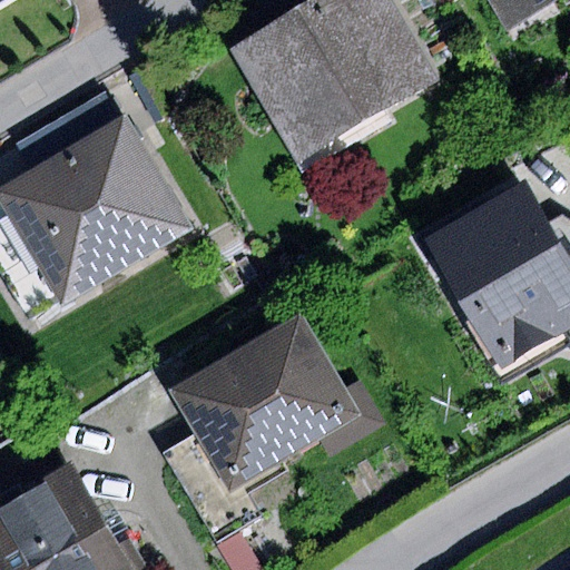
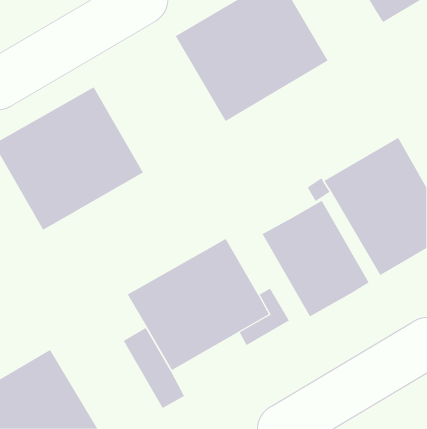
building: none -> [262,200,369,317]

